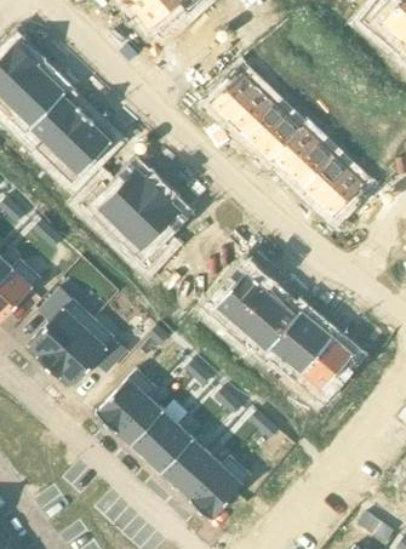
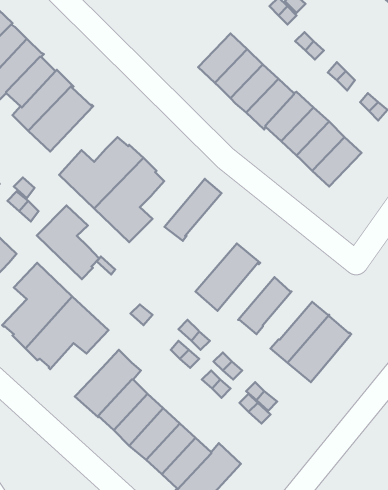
building: none -> [37,205,99,279]
building: [229,286,282,344] -> [165,179,222,241]
building: [271,308,318,358] -> none

